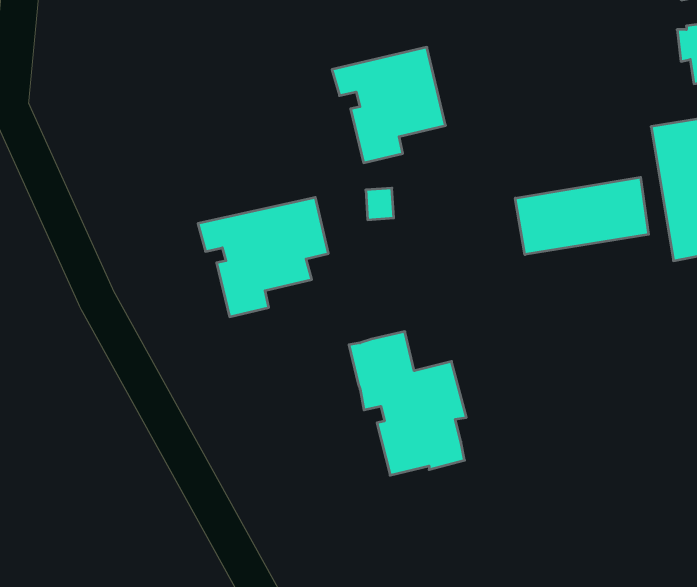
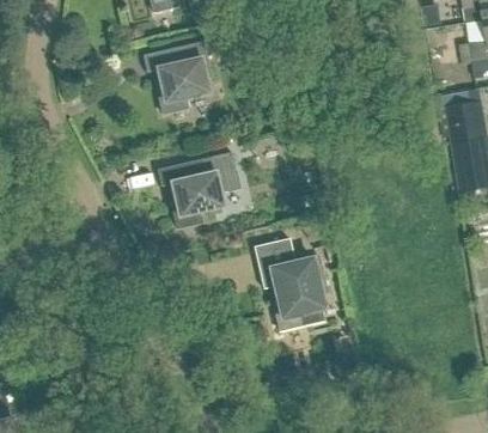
building: [332,47,446,163] -> [141,39,214,114]
building: [515,177,649,255] -> none

